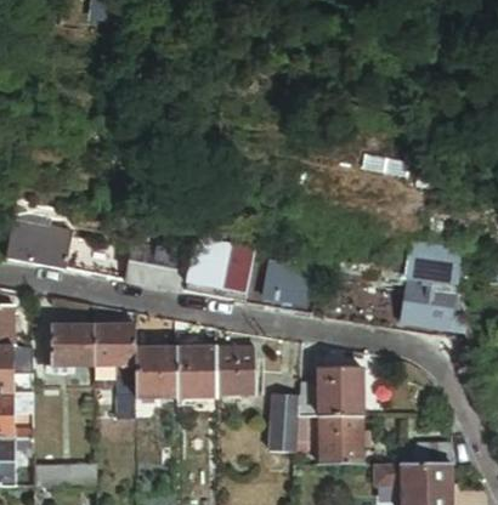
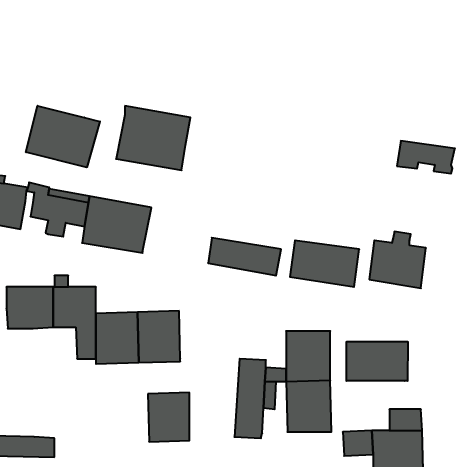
building: none -> [26,106,100,167]
building: [180,239,251,301] -> [116,106,190,170]
building: [402,250,458,282] -> [397,141,455,174]
building: [215,346,255,393] -> [148,393,189,442]
building: none -> [346,342,408,381]

